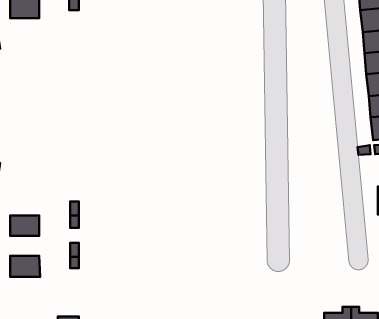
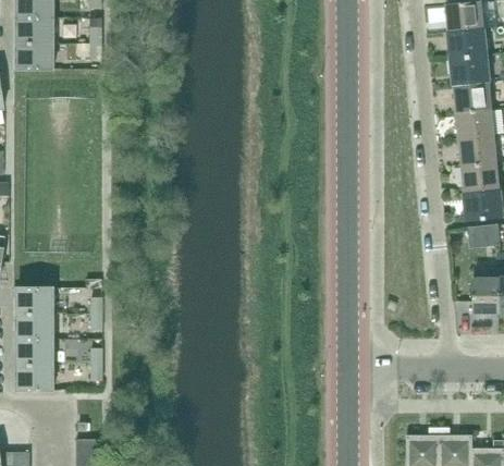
building: none -> [17,286,53,314]
building: none -> [17,339,53,364]

